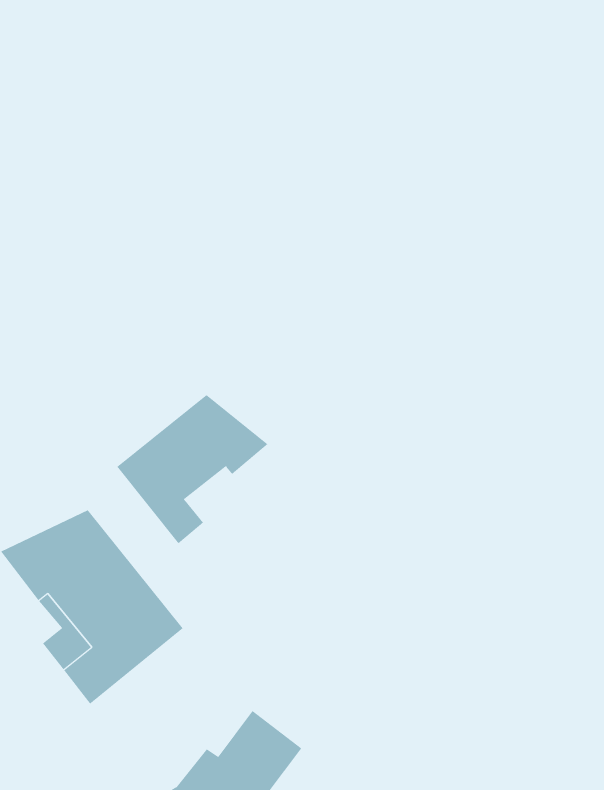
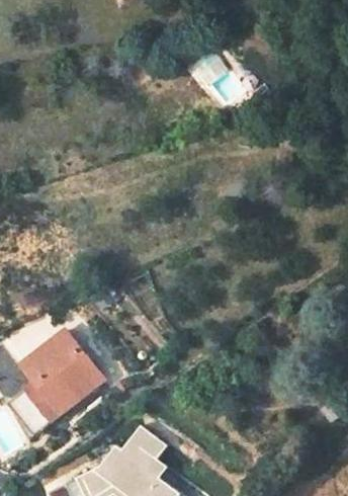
building: [117,394,268,544] -> none

